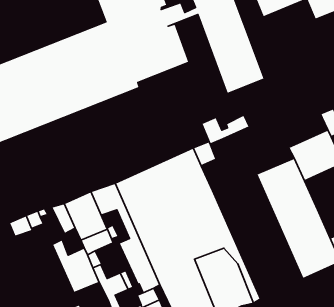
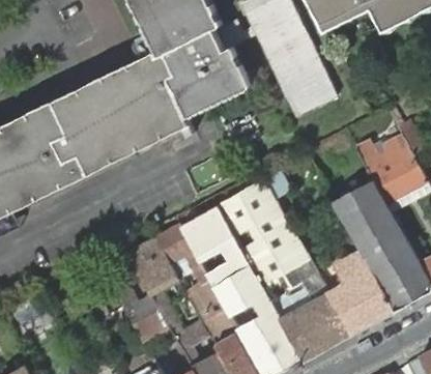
building: [201,115,250,144] -> [354,135,407,170]
building: none -> [325,252,394,338]

